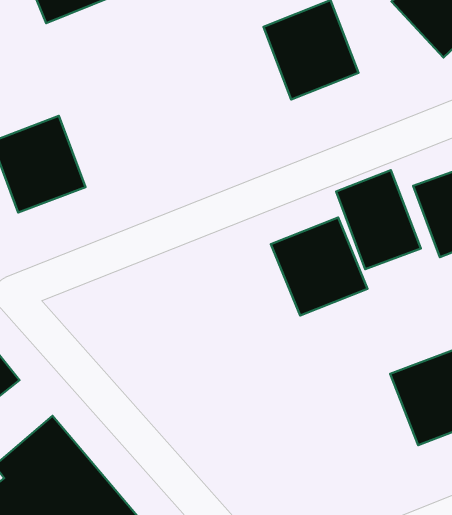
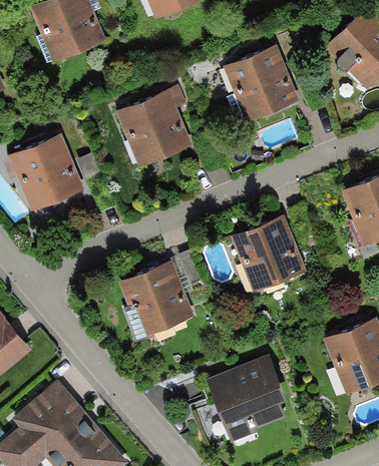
building: none -> [114,84,192,168]
building: [336,170,421,269] -> none
building: none -> [117,261,195,339]
building: none -> [206,356,286,443]

